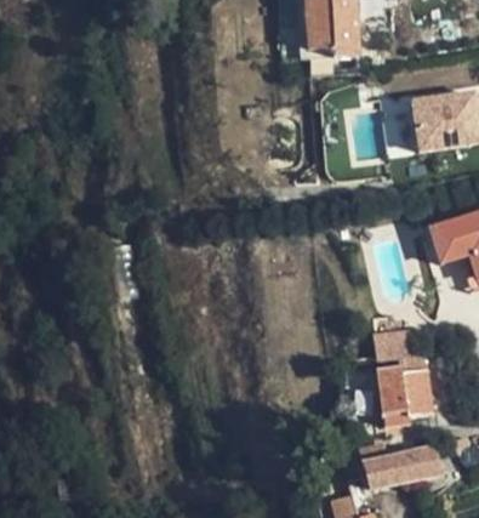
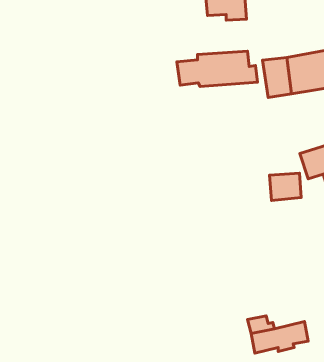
building: none -> [177,51,258,86]
building: [376,324,417,359] -> [270,173,301,200]
building: [376,365,432,416] -> none

